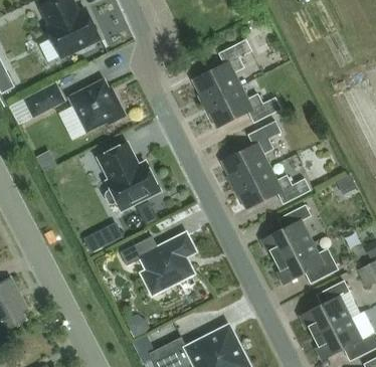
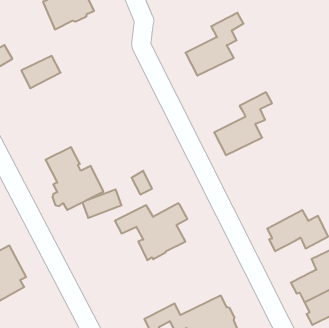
building: [68,78,126,132] -> none
building: [204,85,280,128] -> none
building: [100,144,159,208] -> [45,147,103,210]
building: [233,167,310,208] -> none
building: [261,204,312,260] -> none

